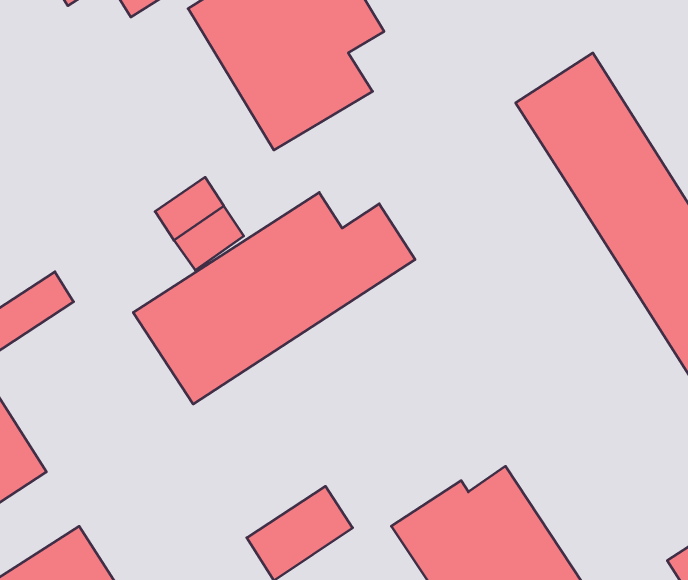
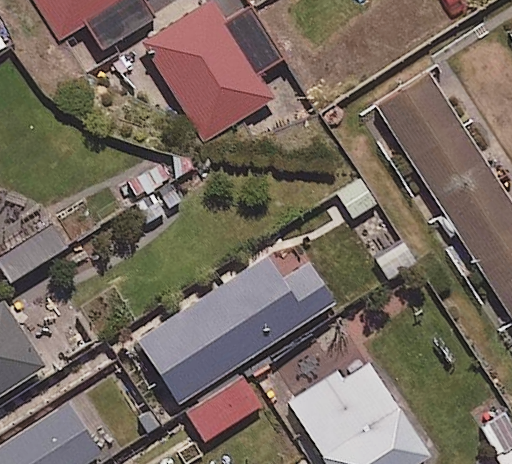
building: [133,192,415,404] -> [136,255,333,403]

